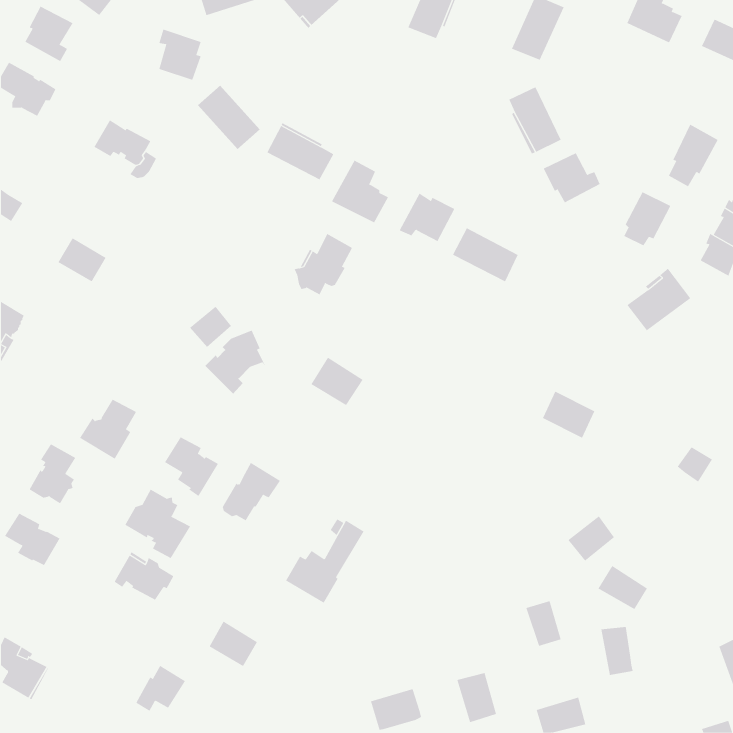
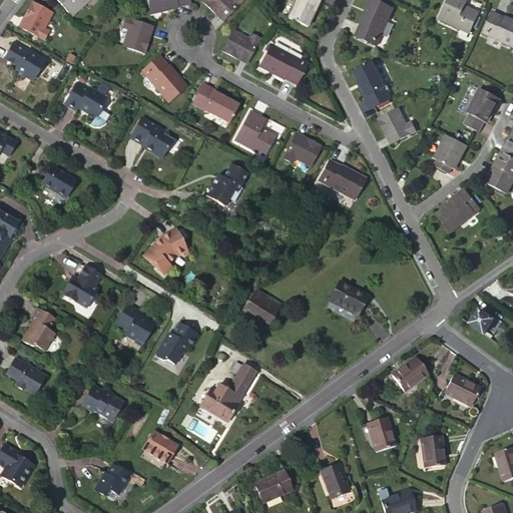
building: none -> [216,26,255,60]
building: none -> [256,46,304,84]
building: none -> [130,117,172,156]
building: [189,306,232,348] -> none
building: [310,357,364,406] -> [243,288,281,322]
building: [542,391,595,438] -> [329,280,366,313]
building: [125,489,191,559] -> none
building: [598,565,648,610] -> [447,378,482,409]

